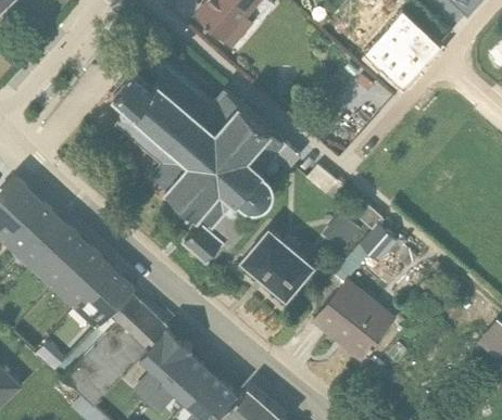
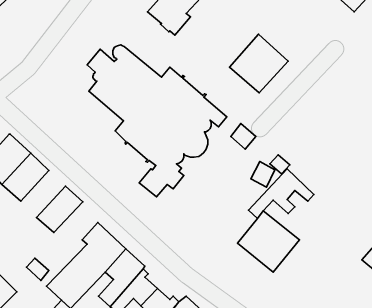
building: [363,10,440,87] -> [230,34,288,93]
building: [28,226,87,288] -> none
building: [241,228,314,298] -> none
building: [72,267,134,329] -> none

